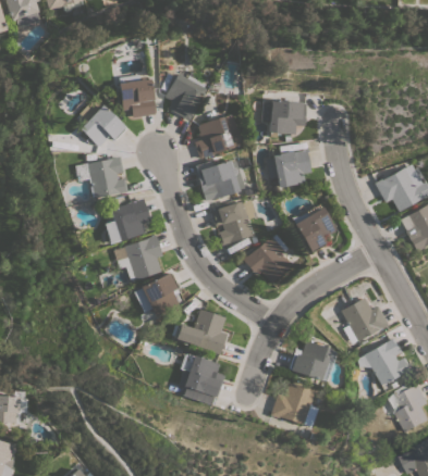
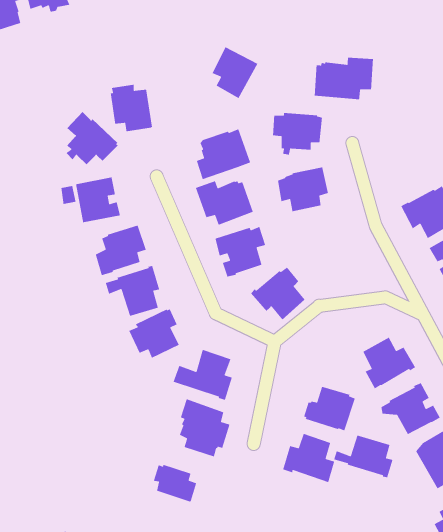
building: none -> [314,57,374,100]
building: [164,74,206,121] -> [212,46,258,99]
building: [292,205,337,253] -> none
building: none -> [333,435,394,478]
building: none -> [153,464,197,502]

